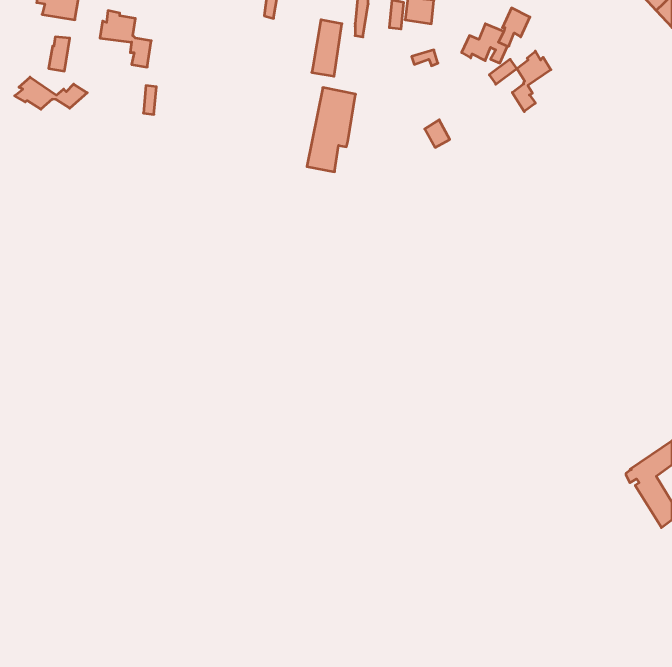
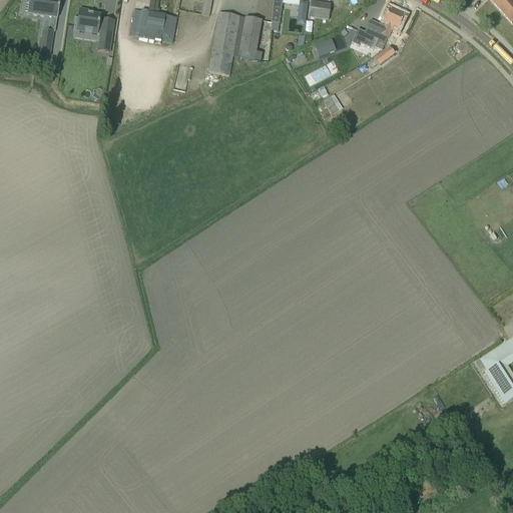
building: none -> [133,8,176,41]
building: [512,51,551,112] -> none
building: [15,77,87,109] -> none
building: [307,88,356,172] -> [207,10,244,74]

